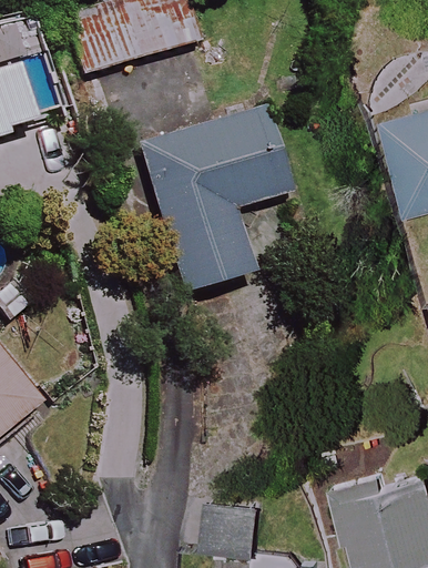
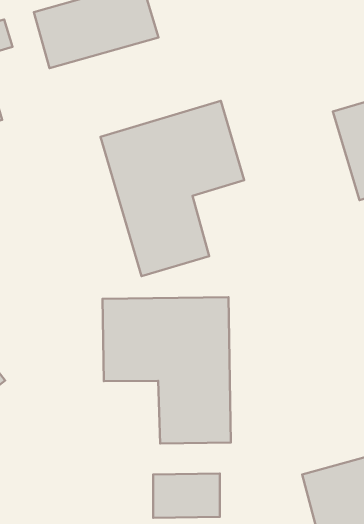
building: none -> [102,297,231,443]

